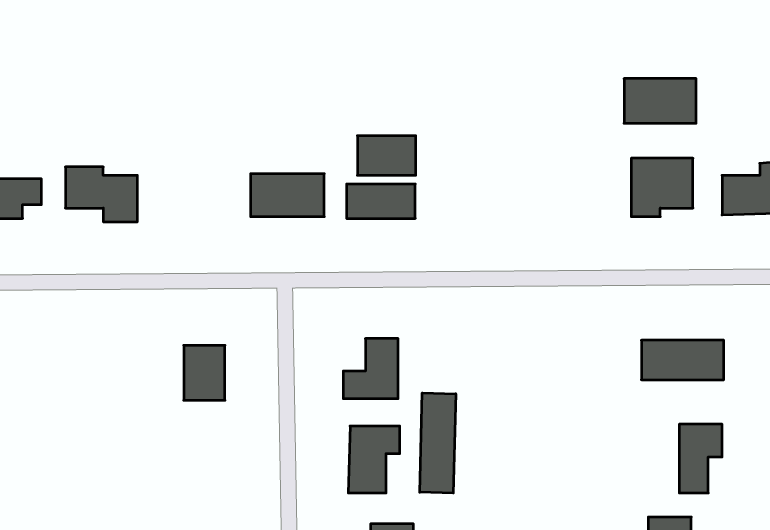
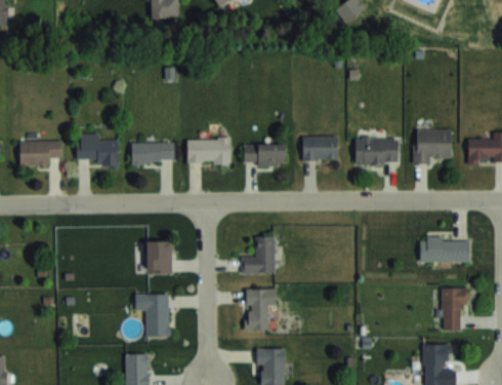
building: [624,79,696,123] -> [354,138,398,164]
building: [357,136,416,175] -> [302,137,337,160]
building: none -> [132,143,174,163]
building: [420,393,456,493] -> none
building: none -> [135,294,169,337]

